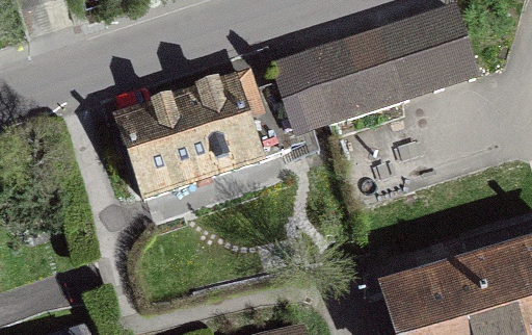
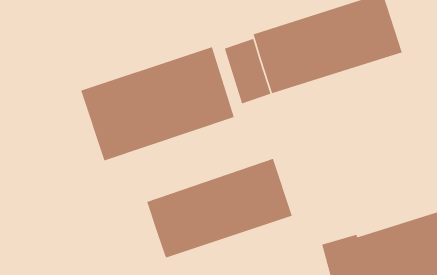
building: none -> [146,158,293,258]

